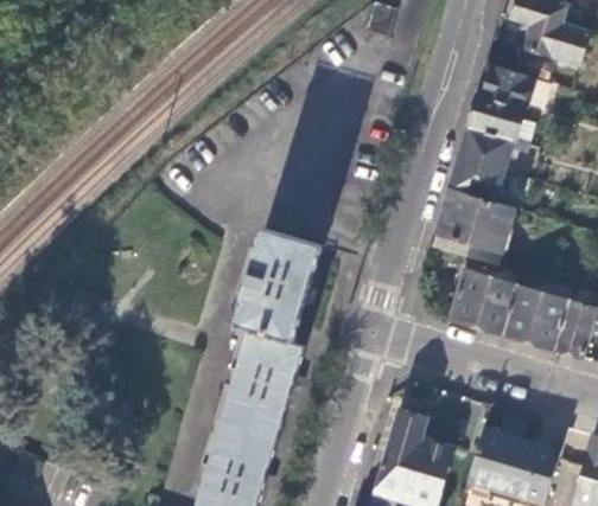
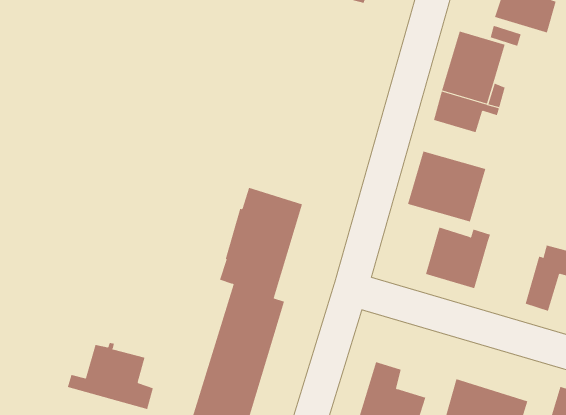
building: [447,159,513,209] -> none
building: [502,278,568,351] -> none
building: none -> [67,342,154,410]

